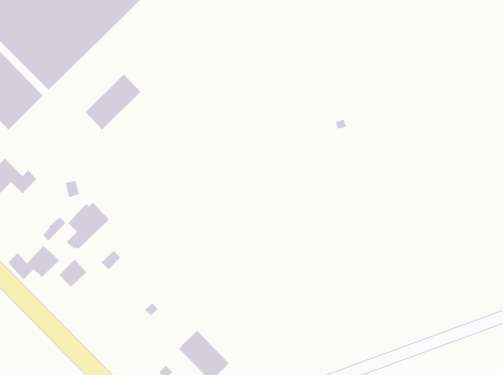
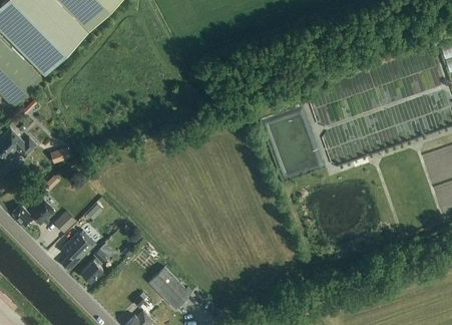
building: [85,74,141,130] -> none
building: [66,202,110,249] -> [60,232,95,270]
building: none -> [79,250,106,283]

